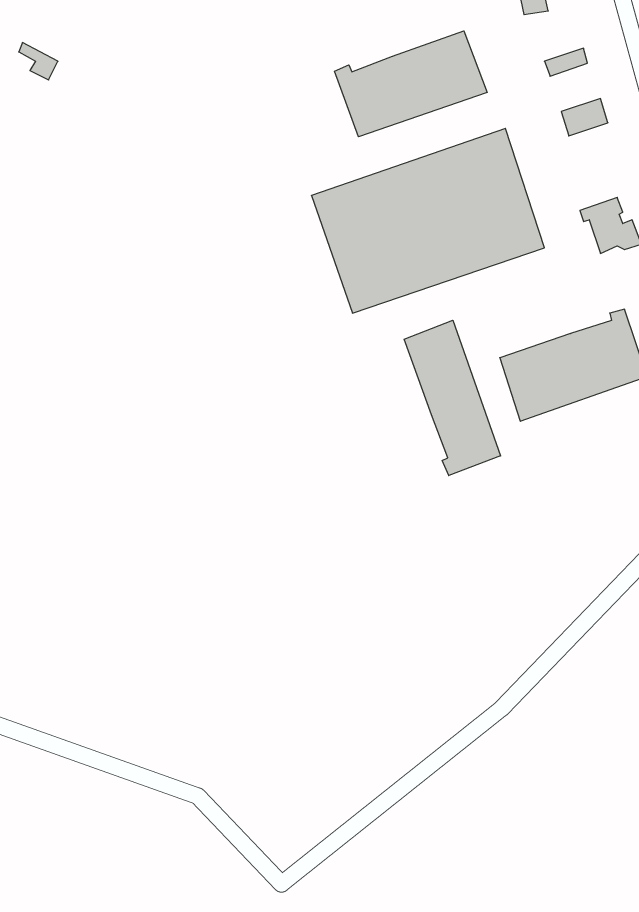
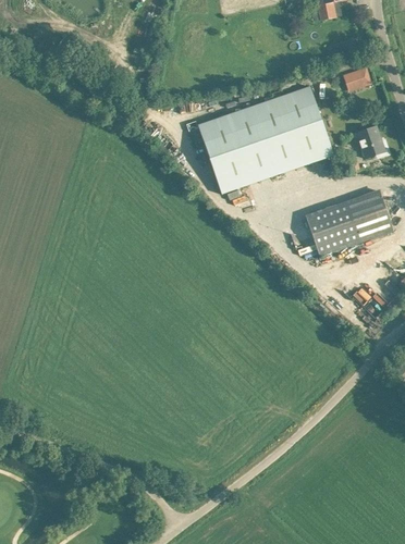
building: [335,31,487,137] -> none
building: [404,320,501,476] -> none

